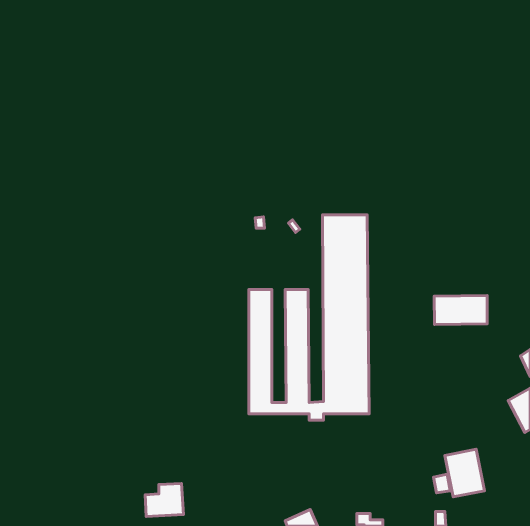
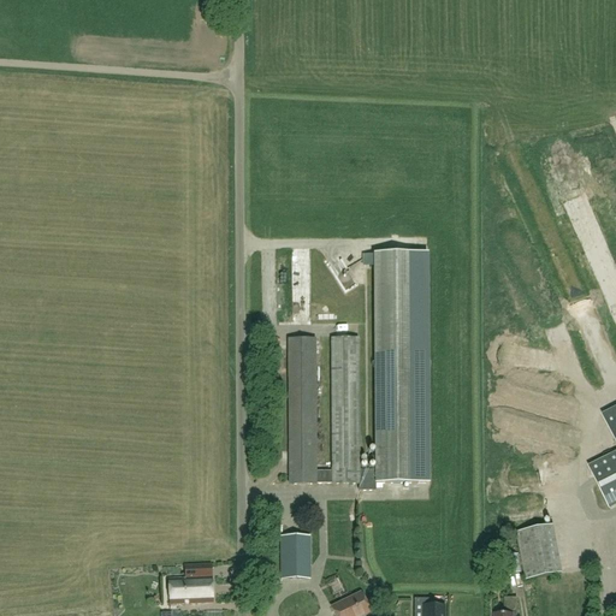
building: [434,295,487,324] -> none
building: none -> [280,532,310,576]

